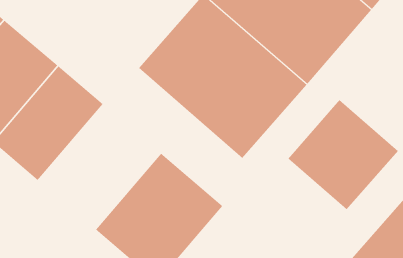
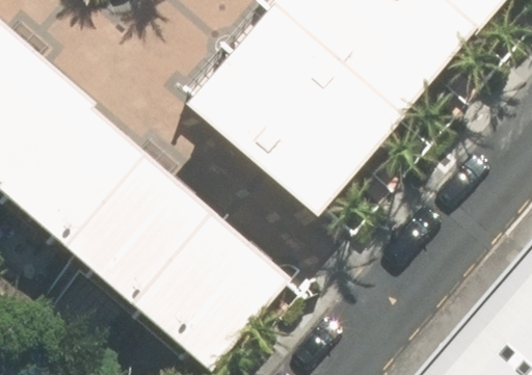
building: [288,99,399,210] -> none
building: none -> [62,149,214,303]

